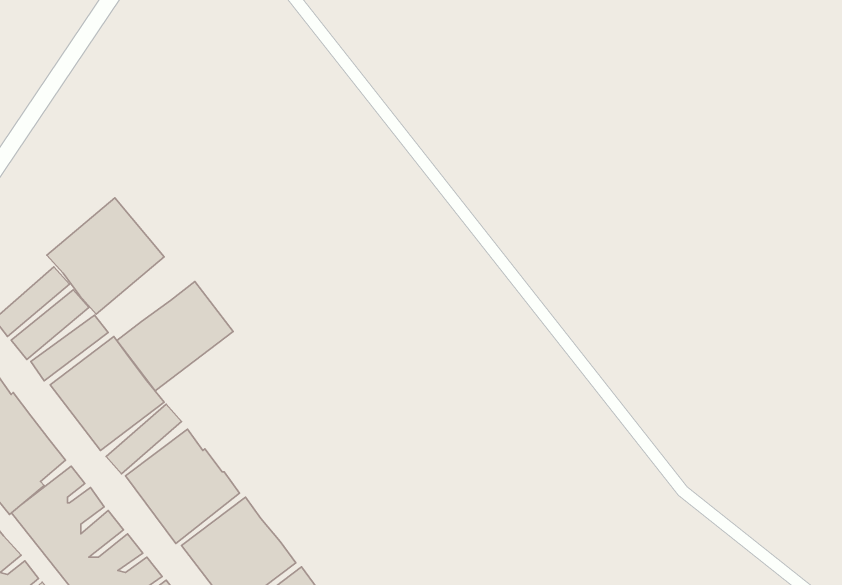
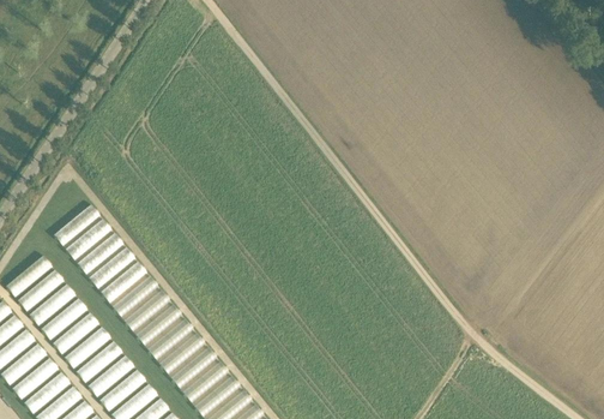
building: [47,198,164,314] -> none
building: [117,281,233,391] -> none

